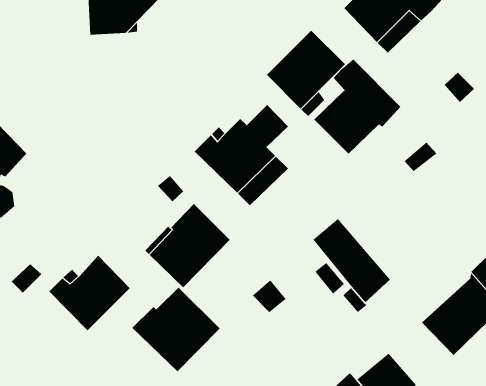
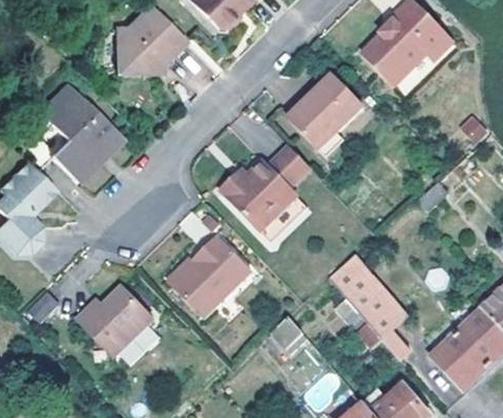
building: none -> [39,84,121,182]
building: [313,58,401,155] -> none
building: [132,287,221,372] -> none

